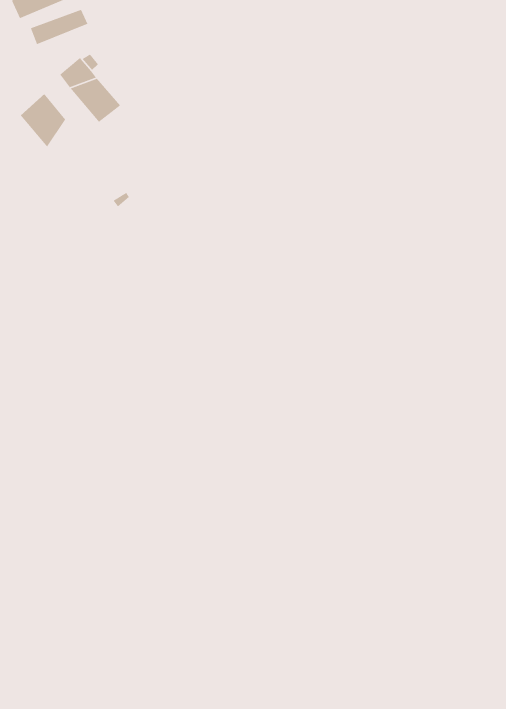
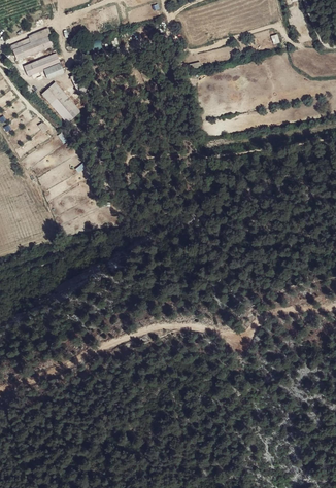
building: [20,93,66,148] -> none

